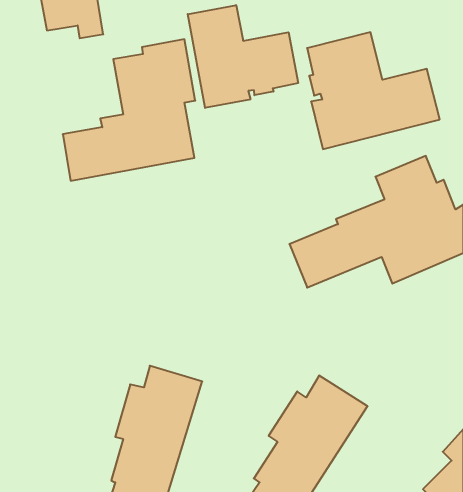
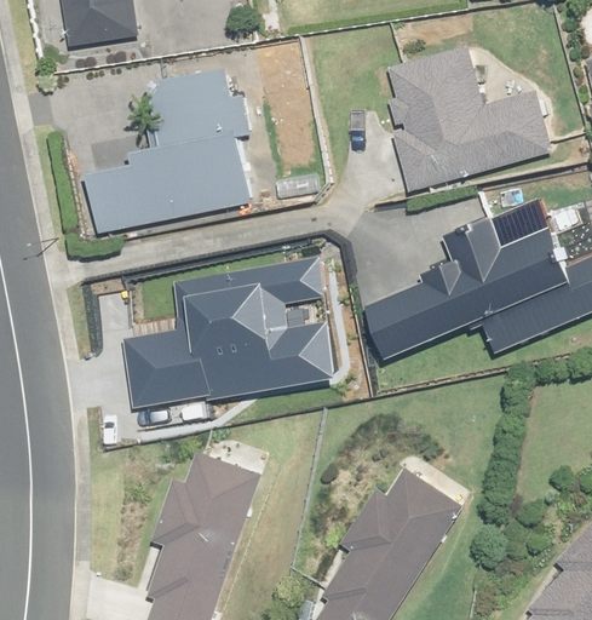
building: [188,5,298,108] -> none
building: none -> [104,264,315,411]

